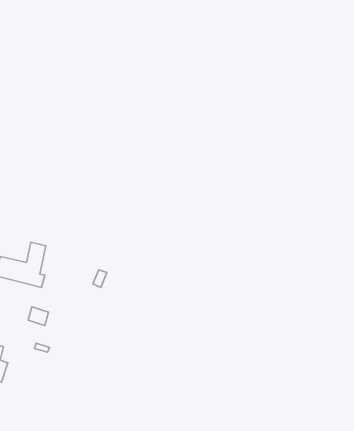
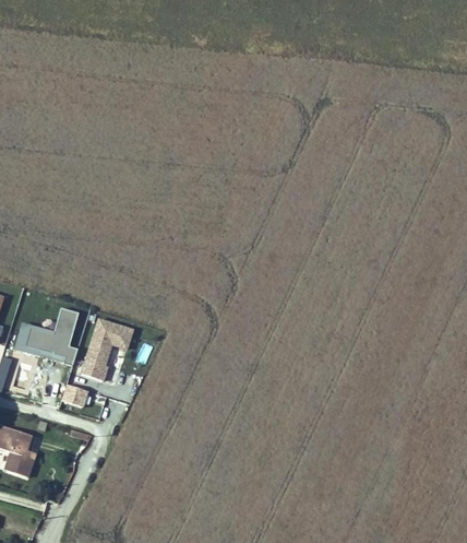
building: none -> [77,321,129,380]

